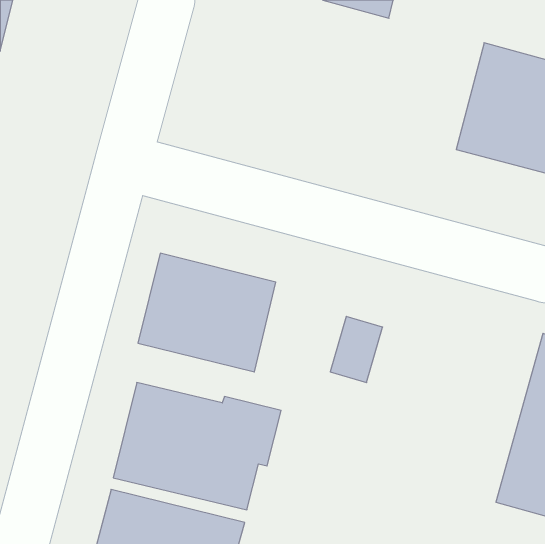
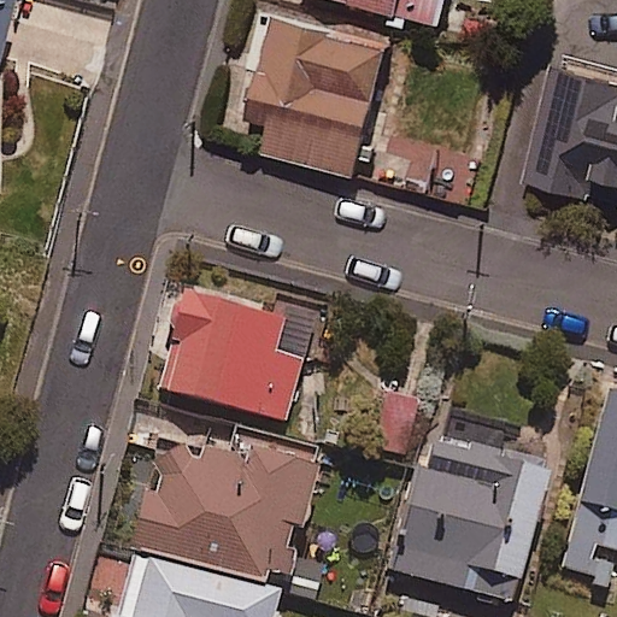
building: none -> [246,10,392,174]
building: none -> [396,434,551,604]

